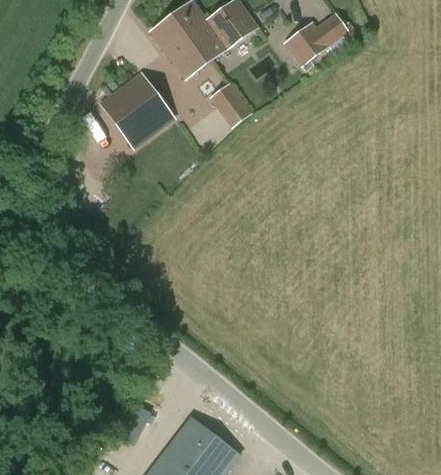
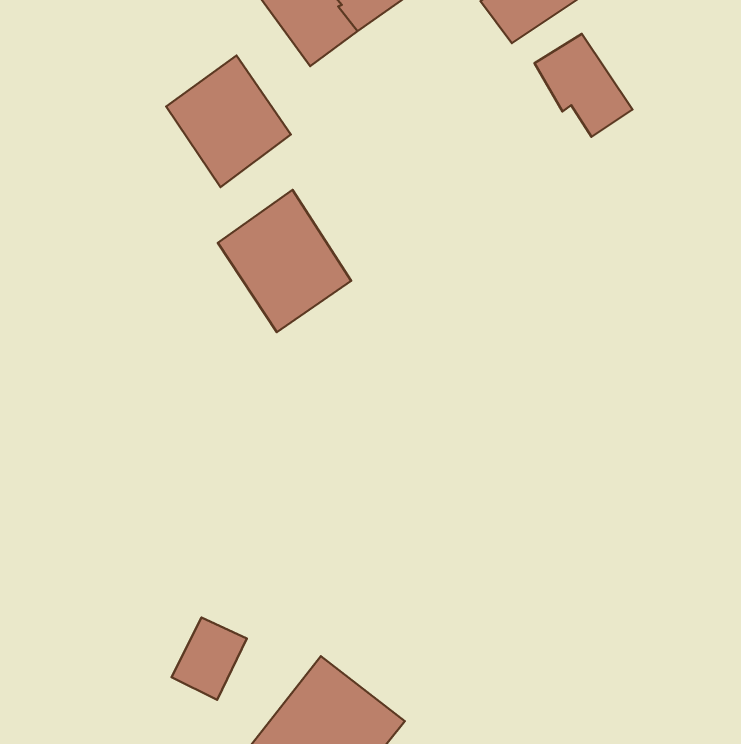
building: none -> [534,34,633,137]
building: [209,81,251,126] -> none
building: none -> [218,190,351,332]

